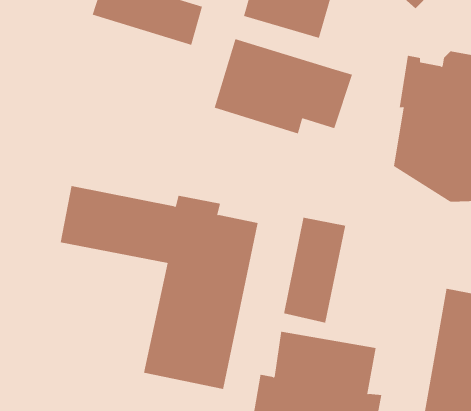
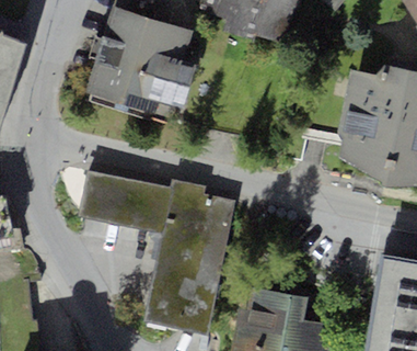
building: [214,39,353,134] -> [86,36,196,112]
building: [284,217,346,323] -> none

